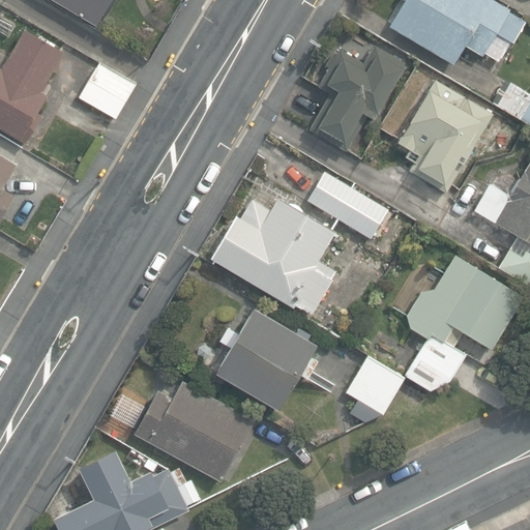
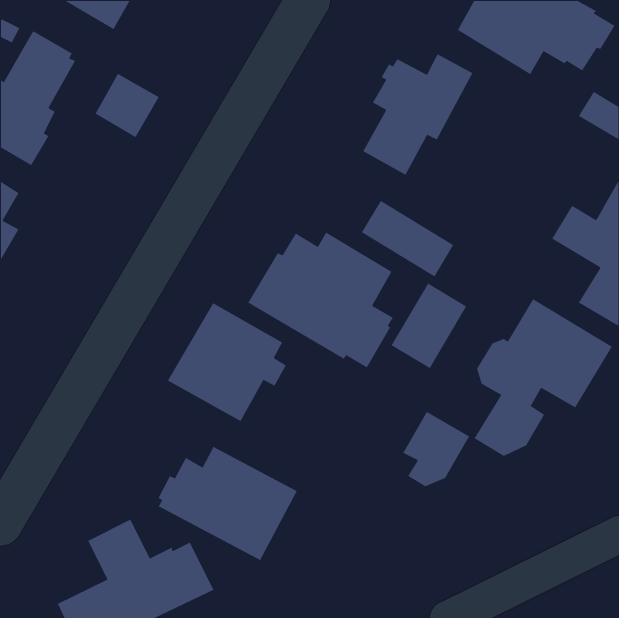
building: [395,80,493,194] -> none
building: none -> [391,282,467,369]
building: [216,308,319,411] -> [167,302,287,422]

